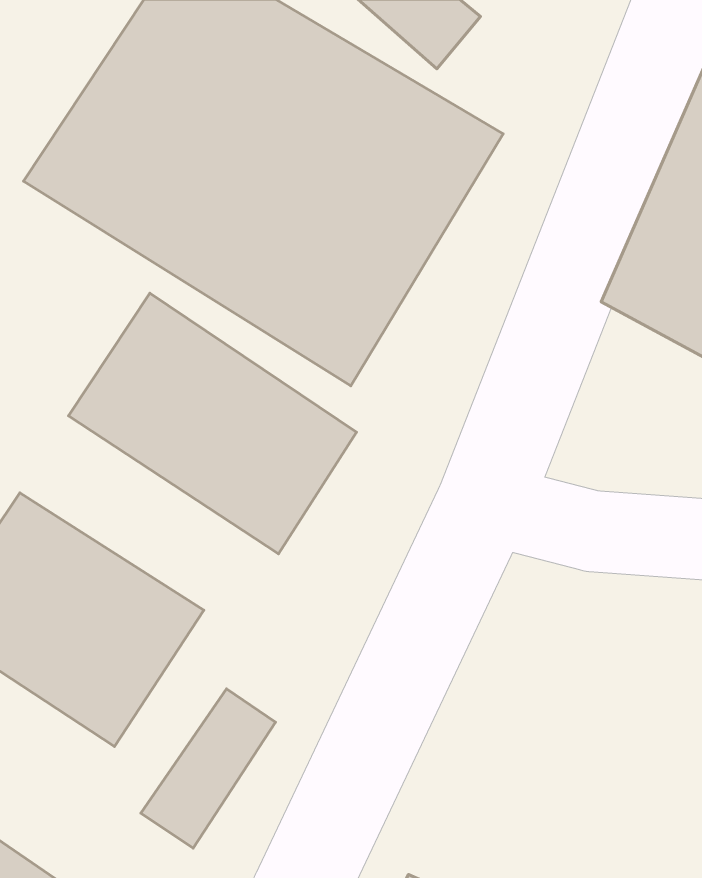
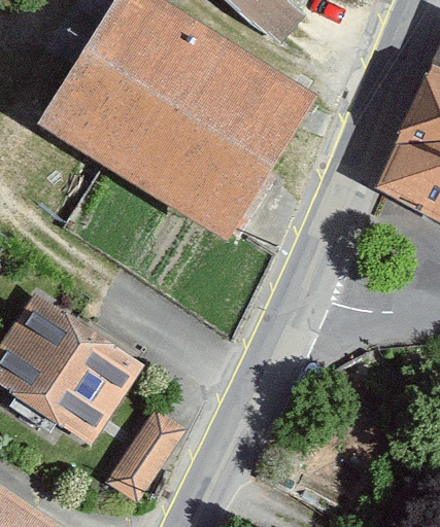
building: [69,293,356,554] -> none

